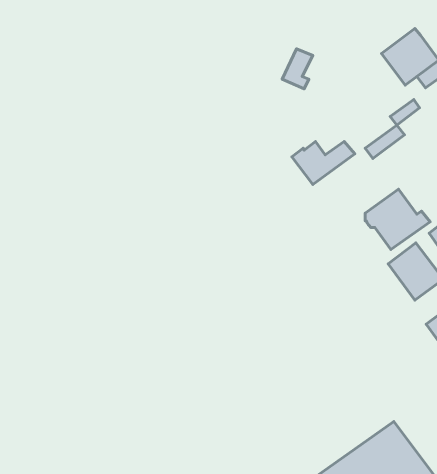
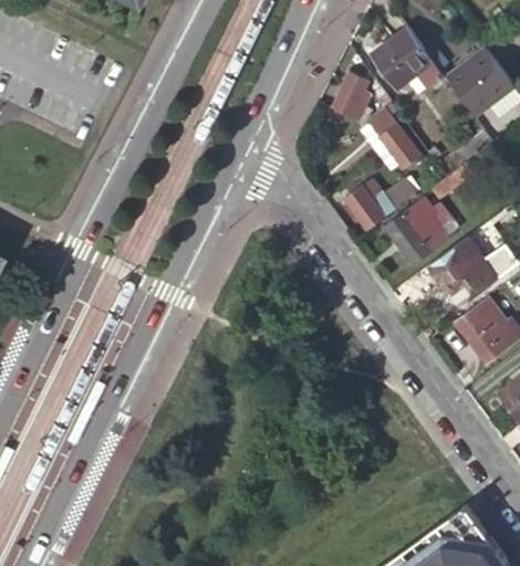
building: none -> [373,28,445,95]
building: none -> [366,107,425,168]
building: none -> [384,193,458,264]

